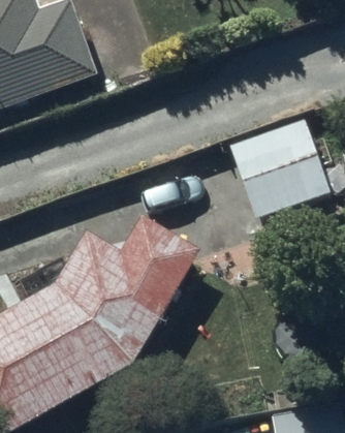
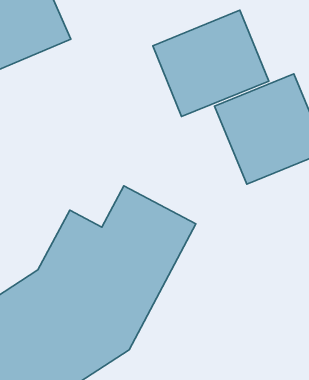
building: none -> [153,10,269,117]

